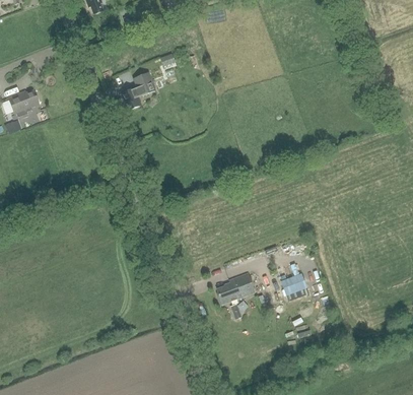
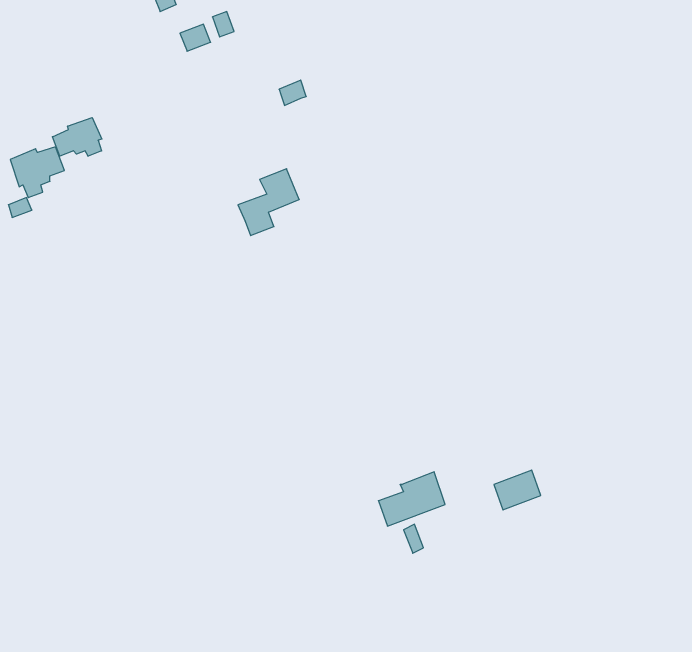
building: [121,72,155,110] -> [238,169,299,236]
building: none -> [52,118,102,156]

